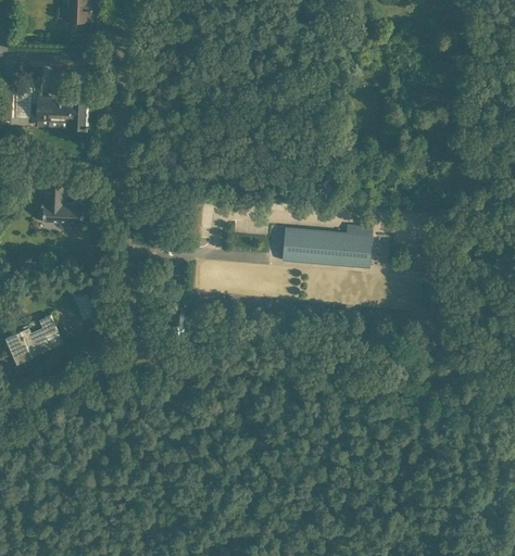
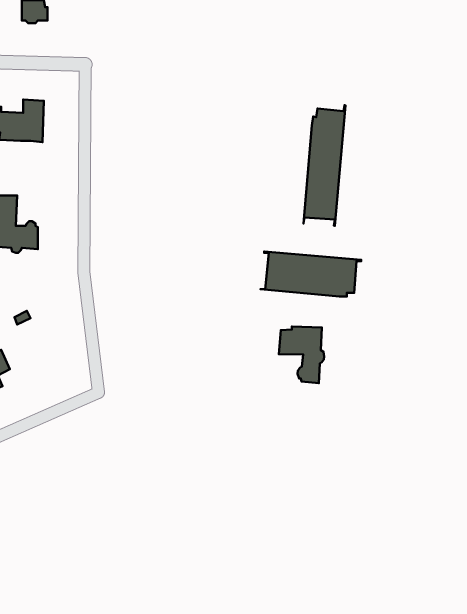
building: none -> [304,105,345,226]
building: none -> [279,326,324,383]

